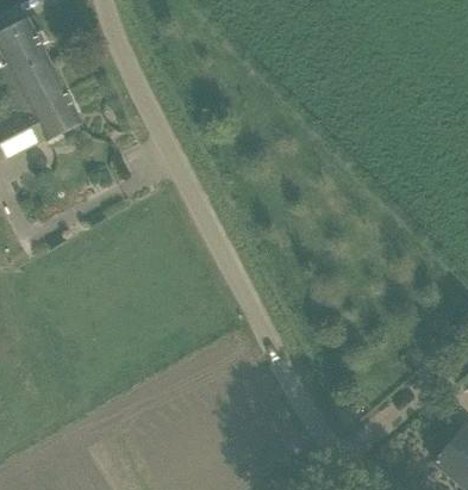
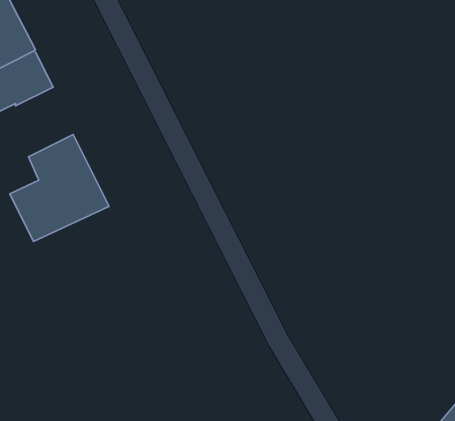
building: none -> [10,134,109,242]

